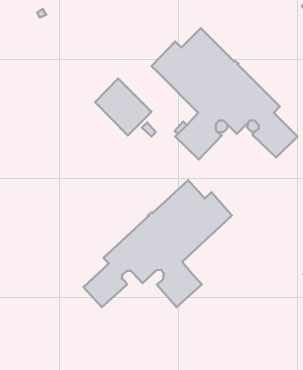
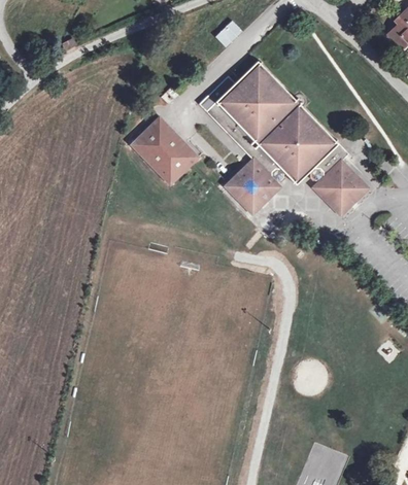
building: [83,180,232,307] -> none

